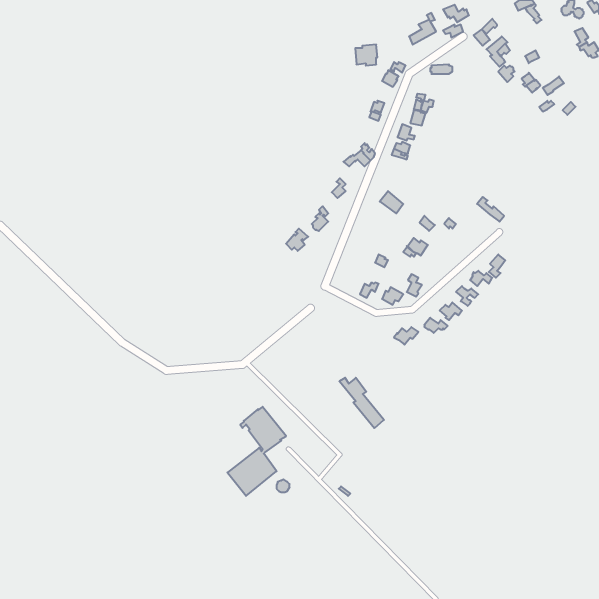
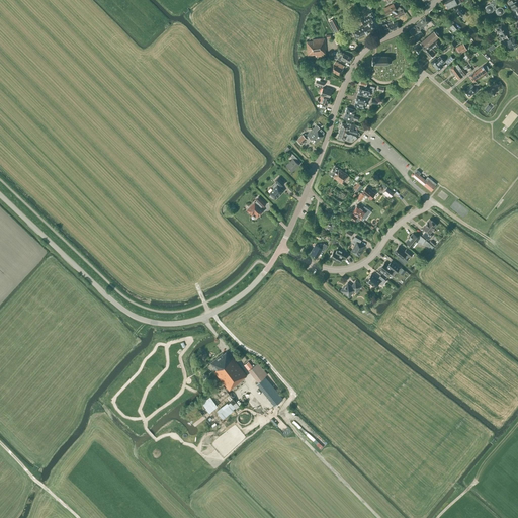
building: [339,378,384,428] -> [244,362,282,406]

